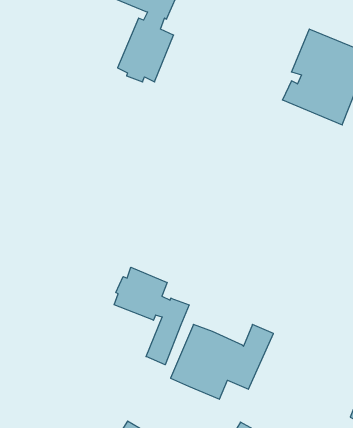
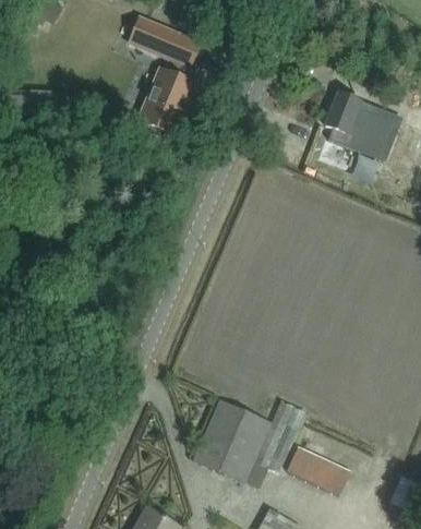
building: [114,267,189,365] -> none
building: none -> [286,446,349,495]

